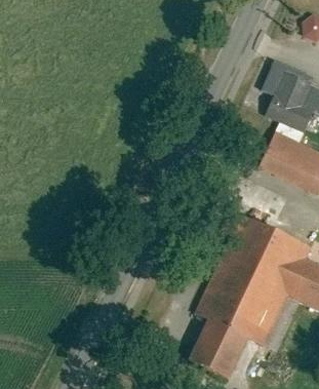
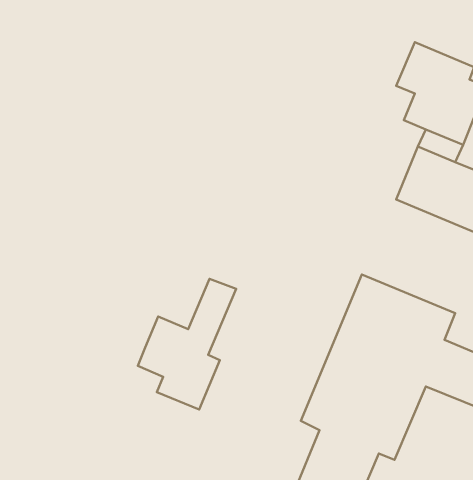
building: none -> [138,279,236,410]

